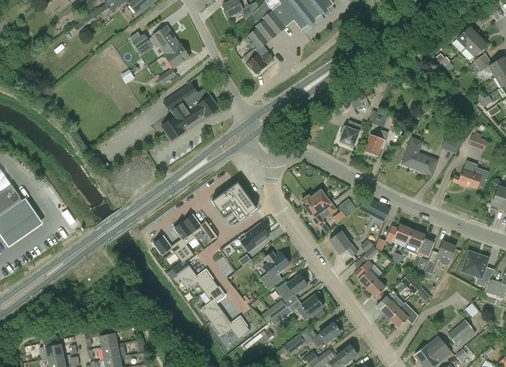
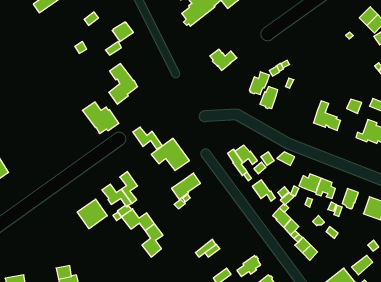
building: [150,26,180,54] -> none
building: [242,49,274,74] -> [210,49,237,70]
building: [175,84,218,121] -> [82,102,119,133]
building: [364,129,388,156] -> [249,72,270,95]
building: [183,215,218,241] -> [133,127,162,149]
building: [260,251,290,289] -> none
building: none -> [77,199,107,229]
building: [277,274,308,299] -> none
building: [296,294,324,319] -> none
building: [211,312,250,338] -> none

